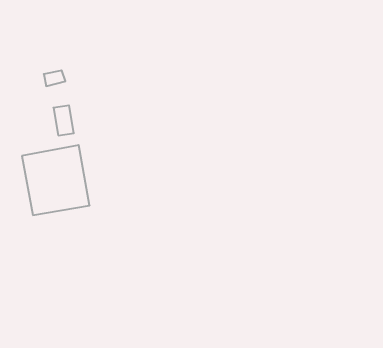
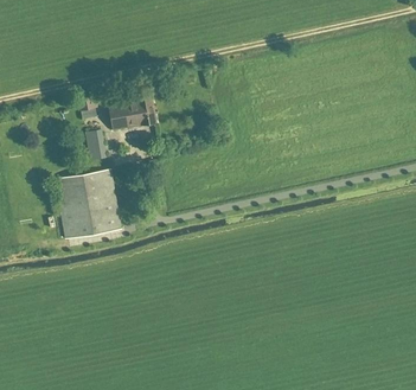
building: none -> [107,97,154,130]

